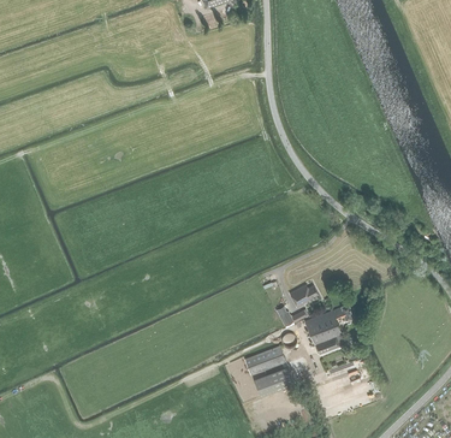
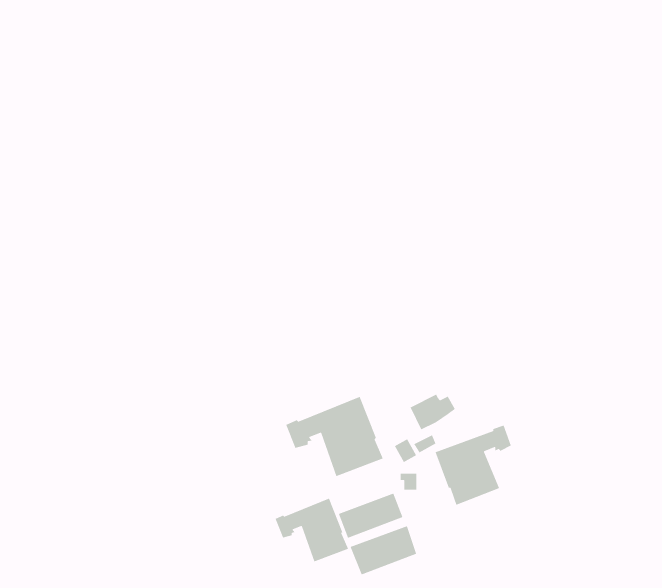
building: none -> [285,396,384,477]
building: none -> [275,498,349,563]

